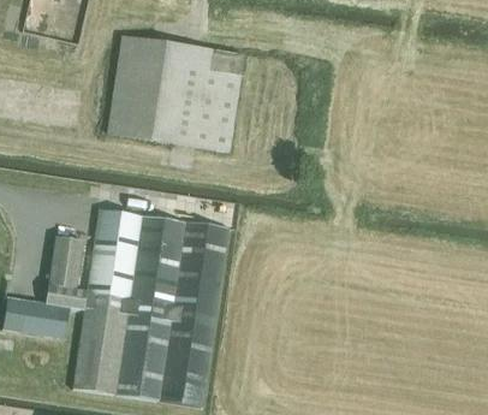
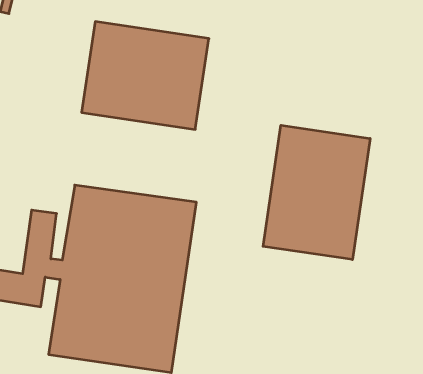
building: none -> [263,125,370,260]

